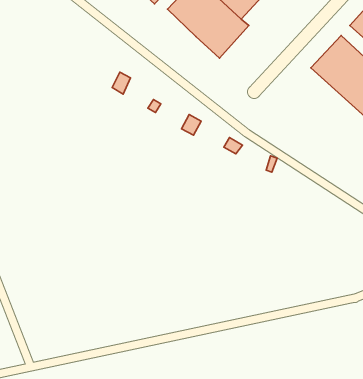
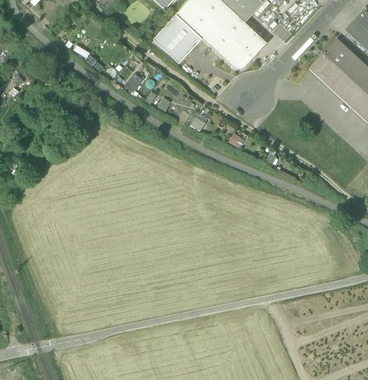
building: none -> [153,14,202,63]
building: none -> [224,29,266,69]

